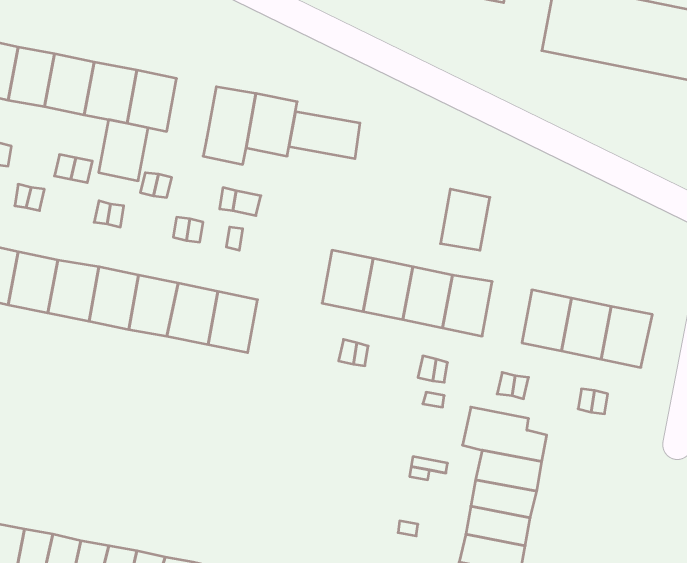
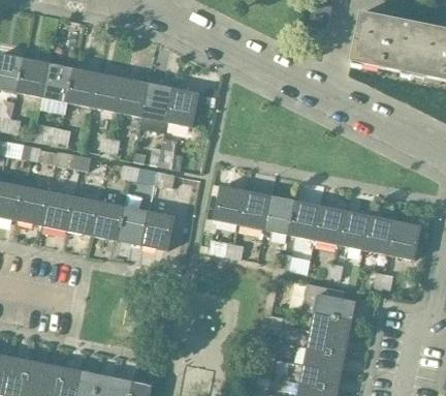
building: [289,112,360,159] -> none
building: [99,120,148,181] -> [118,79,149,117]
building: [440,189,490,250] -> [315,206,346,244]

